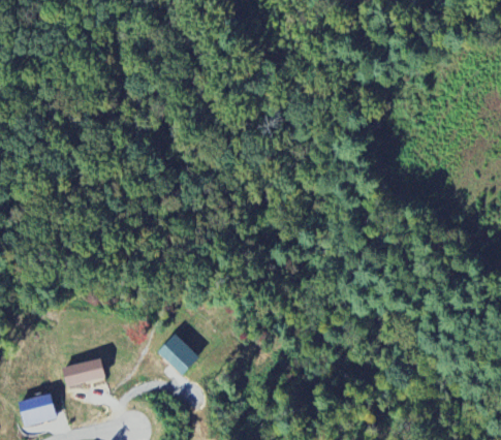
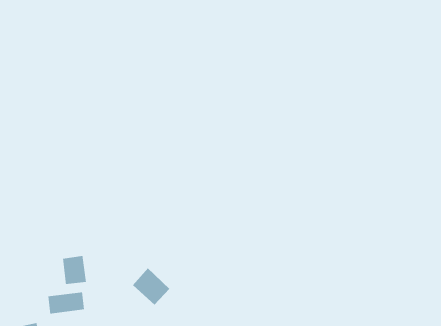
building: none -> [62,255,87,285]

